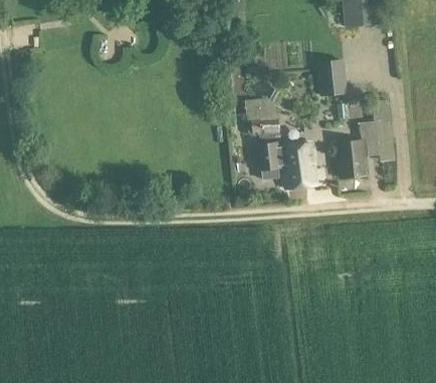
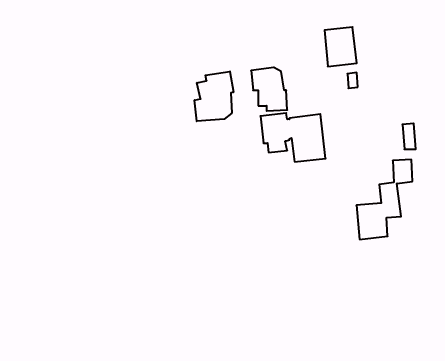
building: [338,99,392,176] -> [356,160,412,239]
building: none -> [195,71,233,121]

